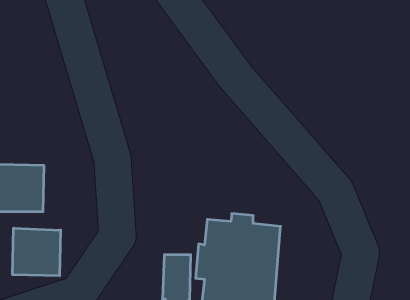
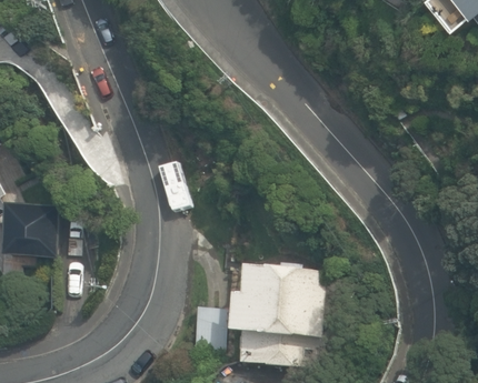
building: [13,228,61,276] -> none

